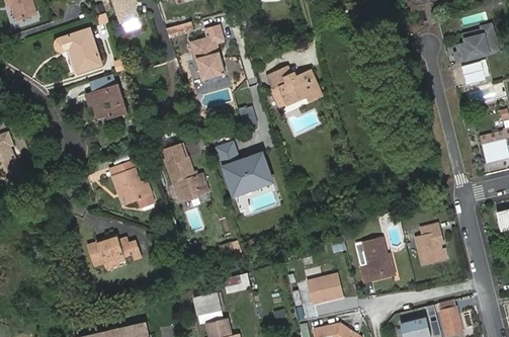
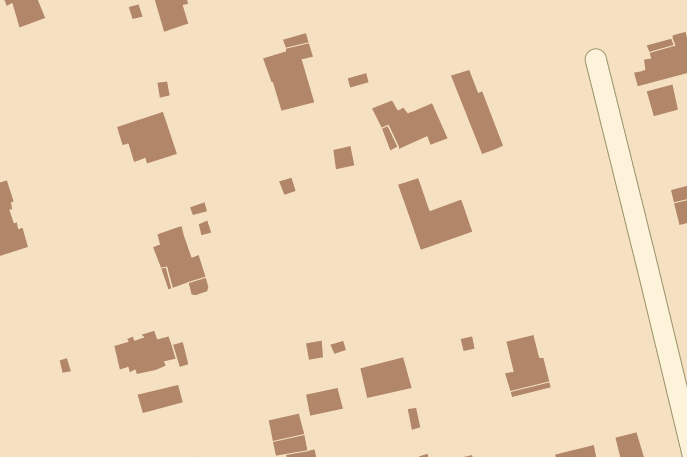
building: [56,29,102,76] -> none
building: none -> [450,69,504,155]
building: [219,143,272,194] -> [397,177,473,250]
building: [163,146,207,202] -> none
building: [415,223,443,265] -> none
building: [306,271,343,301] -> [359,357,412,398]
building: none -> [137,384,183,414]

